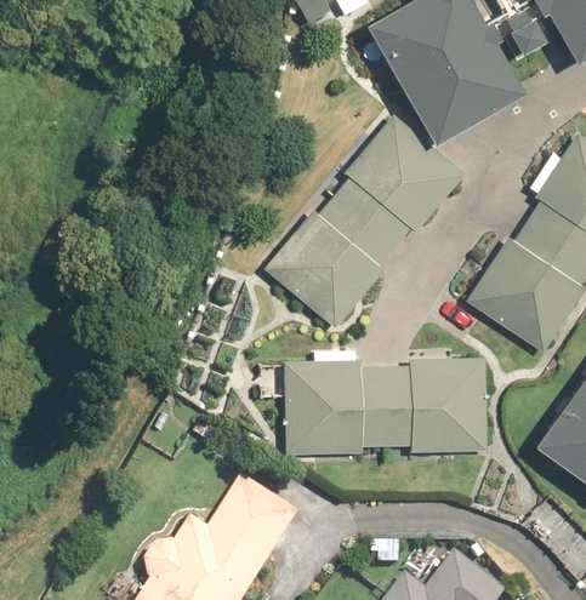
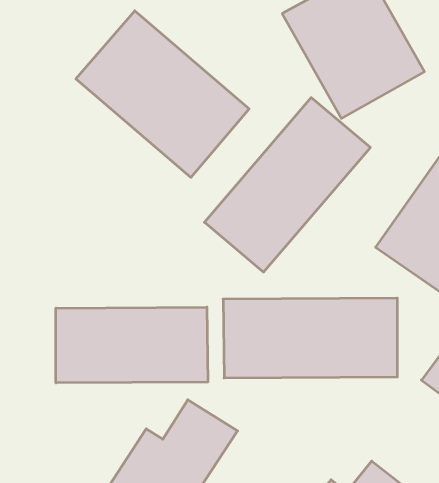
building: none -> [76,11,249,177]
building: none -> [56,307,208,383]

